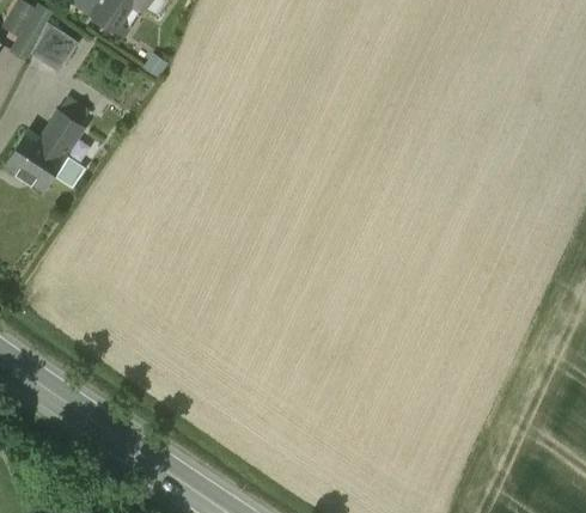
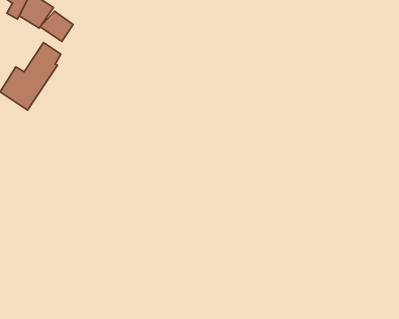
building: none -> [40,11,73,41]

